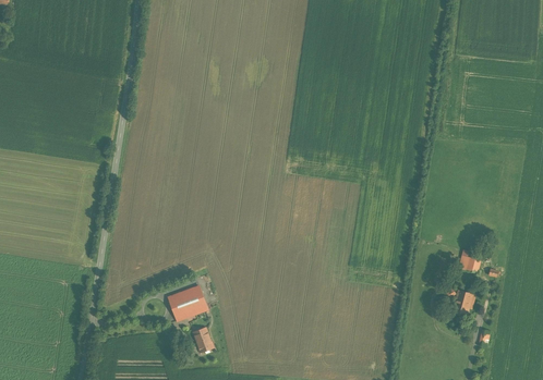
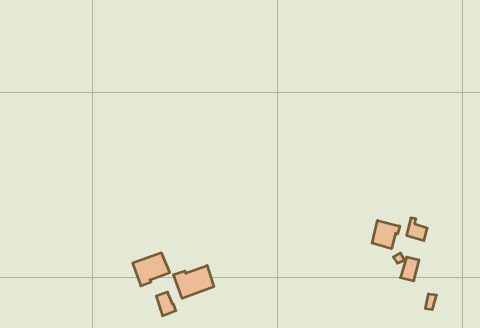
building: none -> [372,220,400,249]
building: none -> [173,265,214,298]

